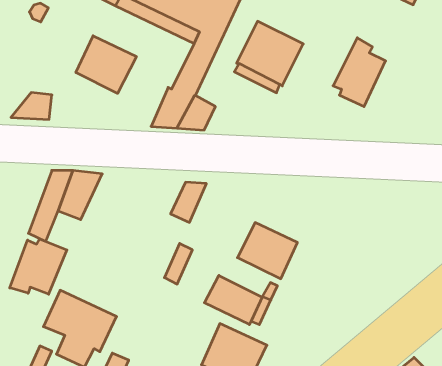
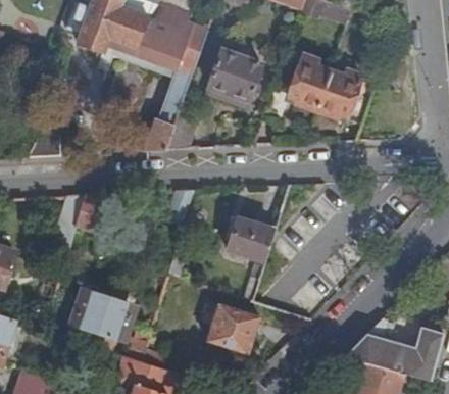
building: [76,36,136,93] -> none
building: none -> [315,69,359,117]
building: [10,239,67,294] -> none
building: [204,275,262,325] -> none

